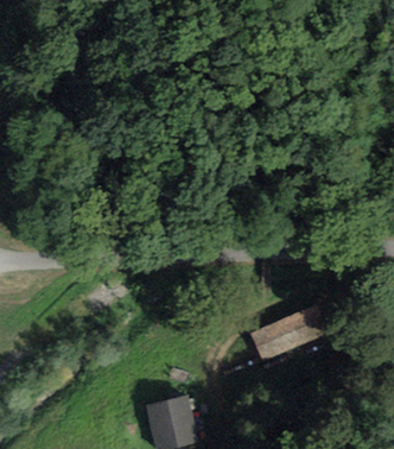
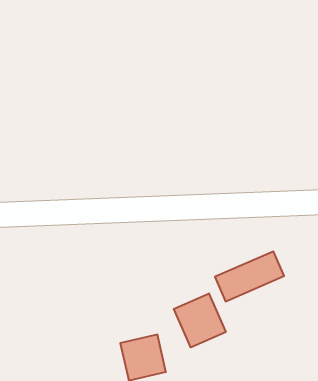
building: none -> [174,293,226,347]

